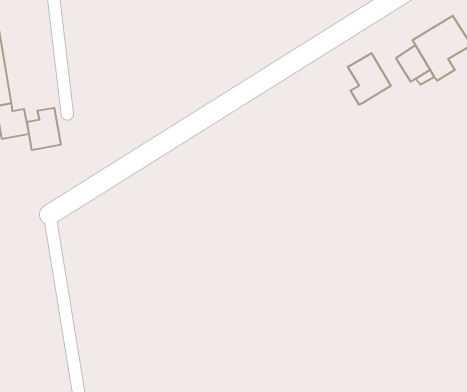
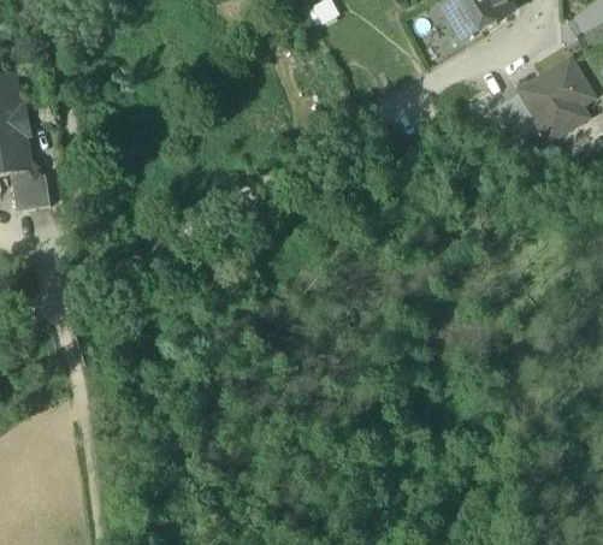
building: [348,53,391,105] -> none
building: [27,108,61,150] -> none

